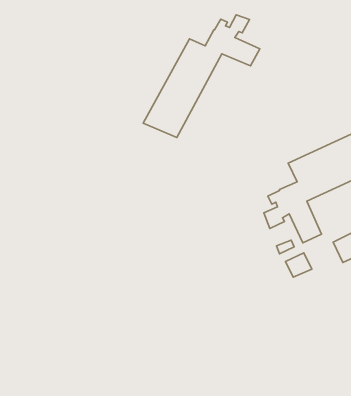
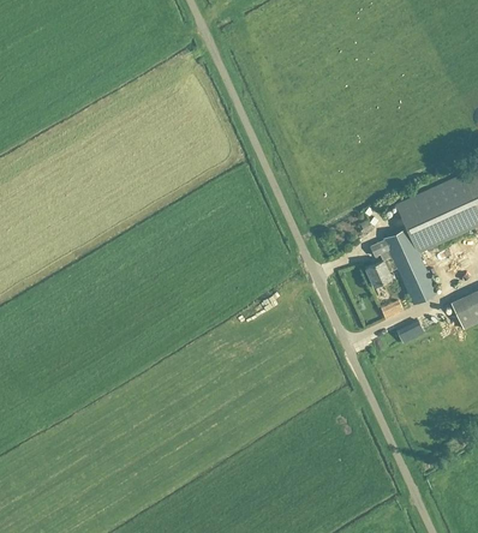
building: [143,15,260,138] -> none

